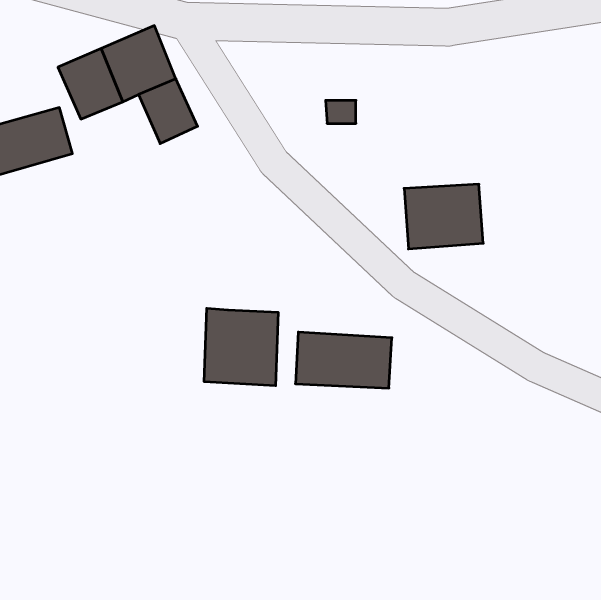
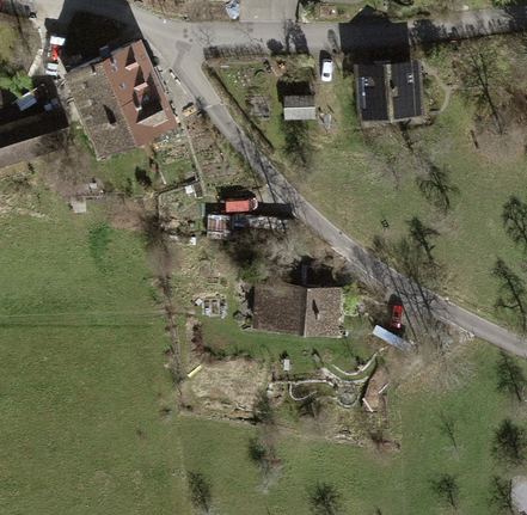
building: none -> [80,93,146,154]
building: [404,184,483,249] -> [354,59,419,112]
building: [204,308,278,386] -> none

